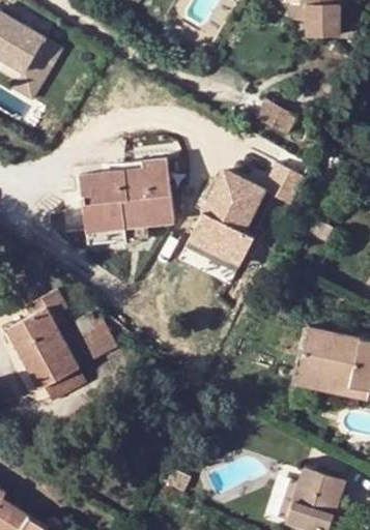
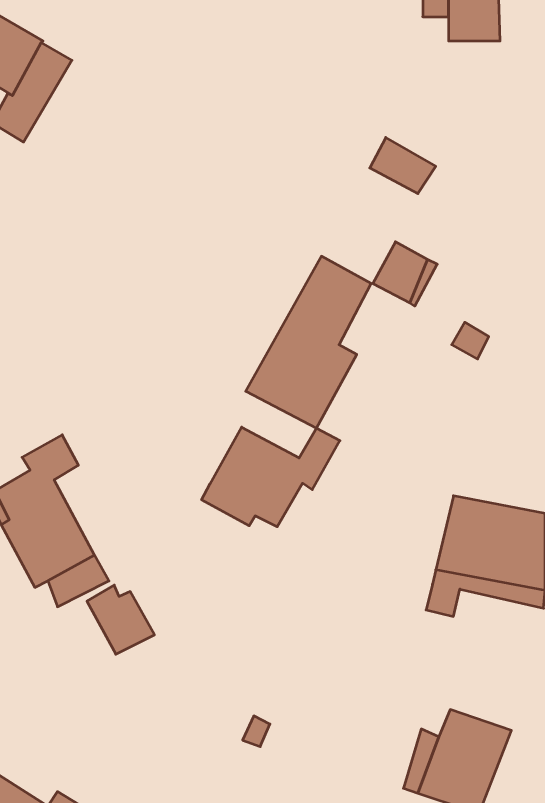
building: [81,159,172,244] -> none
building: none -> [202,427,340,527]
building: [74,314,117,358] -> [87,585,154,654]

